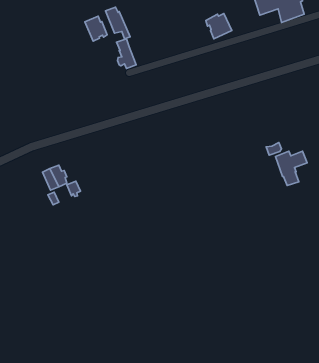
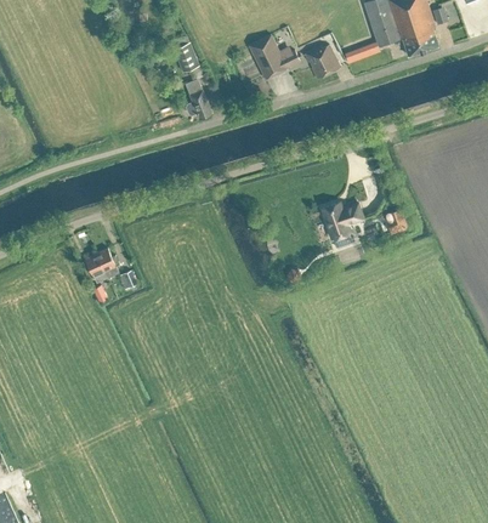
building: none -> [248,34,299,79]
building: [85,16,107,41] -> none
building: [275,151,307,185] -> [319,201,362,248]

